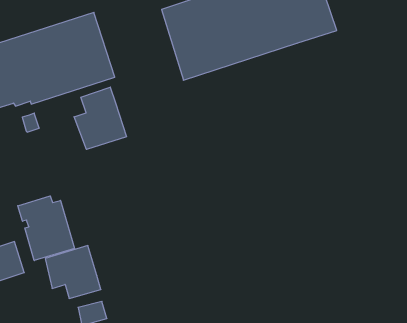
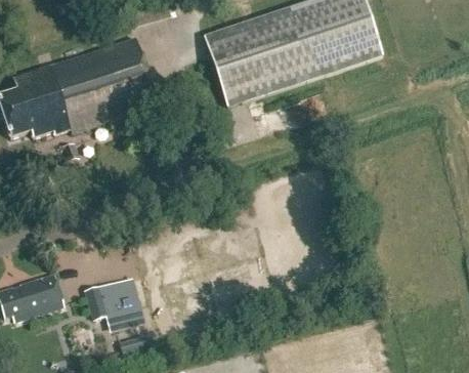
building: [74,87,126,149] -> none
building: [18,196,74,261] -> none

